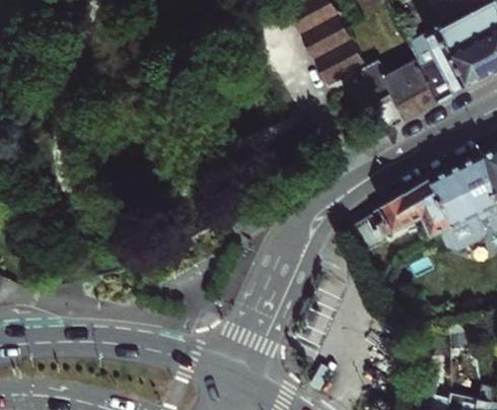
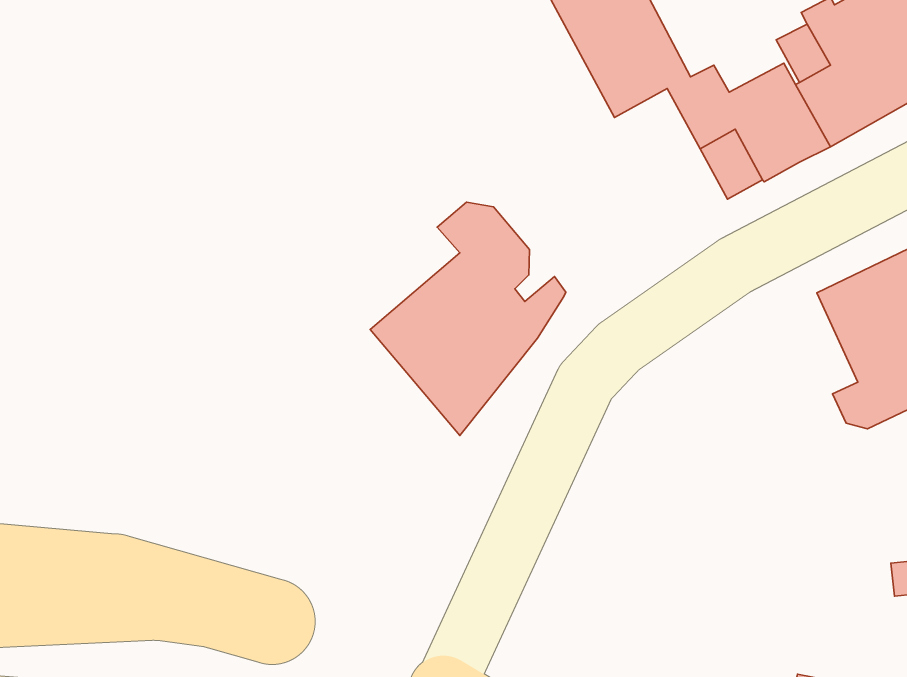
building: none -> [370,202,566,436]
building: [350,179,454,252] -> none

